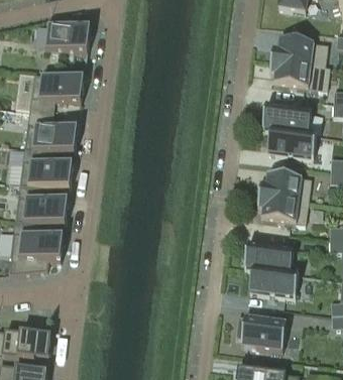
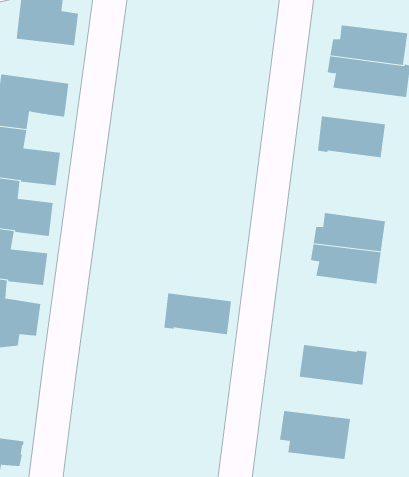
building: [267,128,317,157] -> none
building: [244,242,294,272] -> [163,293,232,335]

